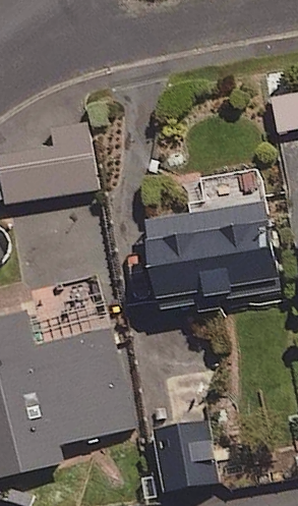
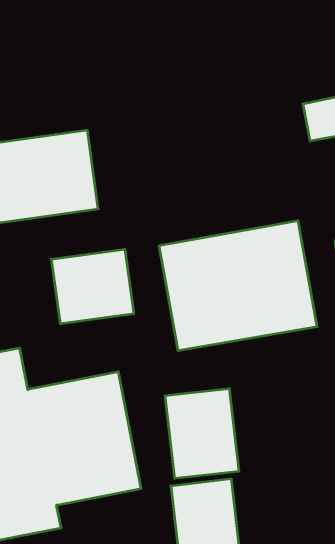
building: none -> [51,249,134,324]
building: none -> [165,388,239,478]

